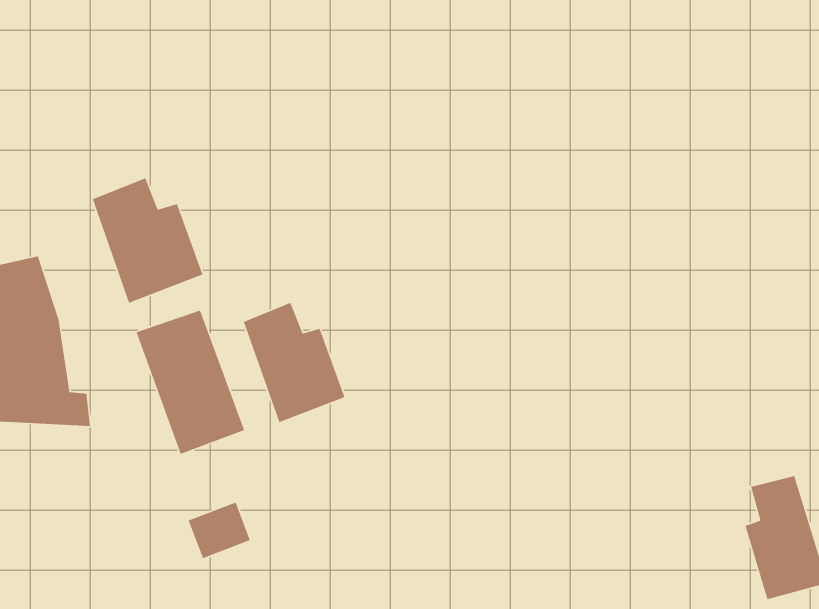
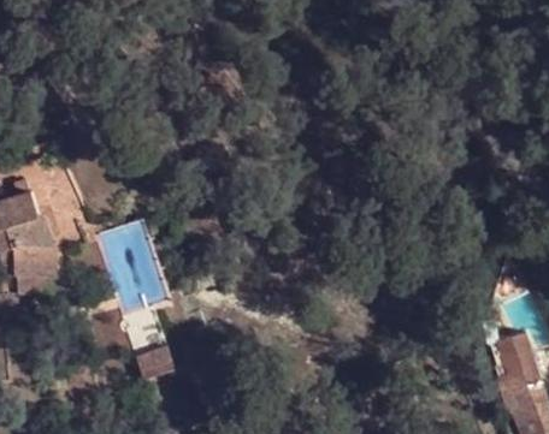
building: [92,177,204,304] -> none
building: [243,302,345,423] -> none

